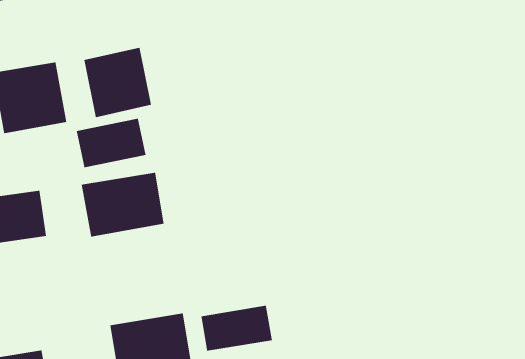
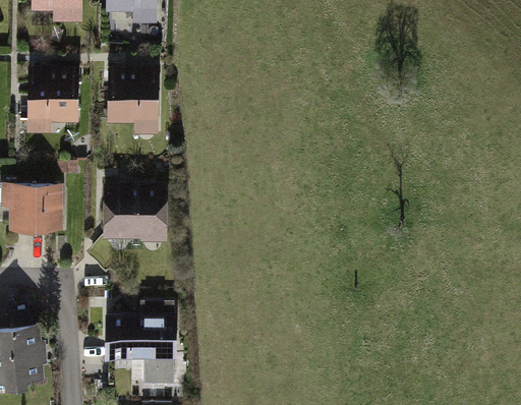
building: [76,118,146,168] -> none
building: [201,305,272,352] -> none

